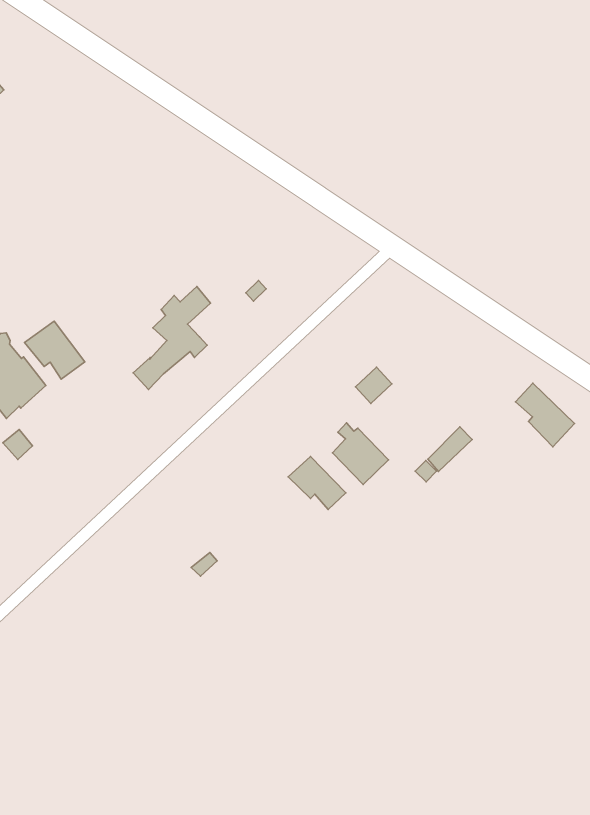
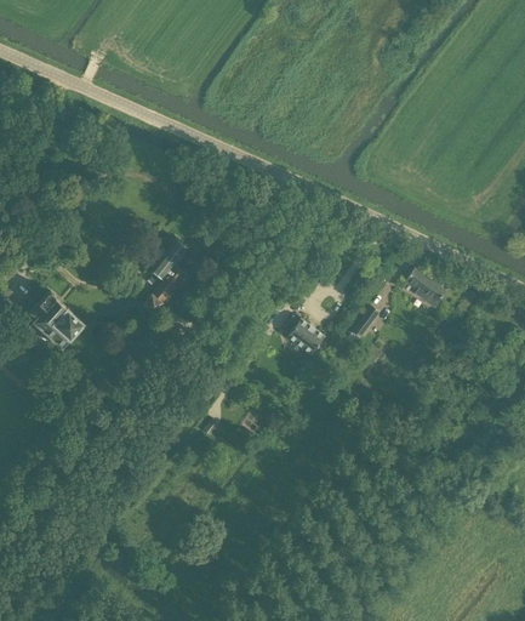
building: [25,321,85,379] -> none
building: [288,456,346,509] -> none

